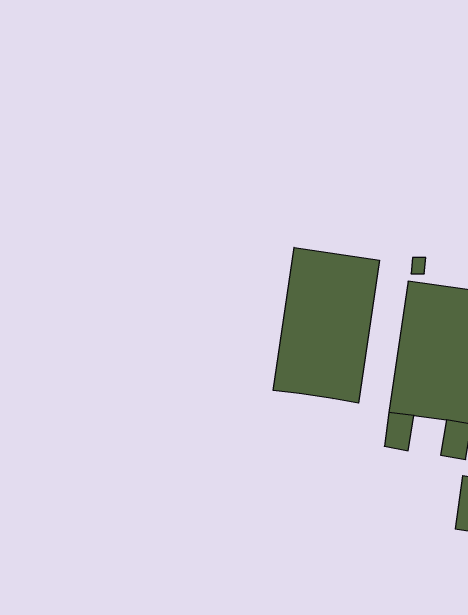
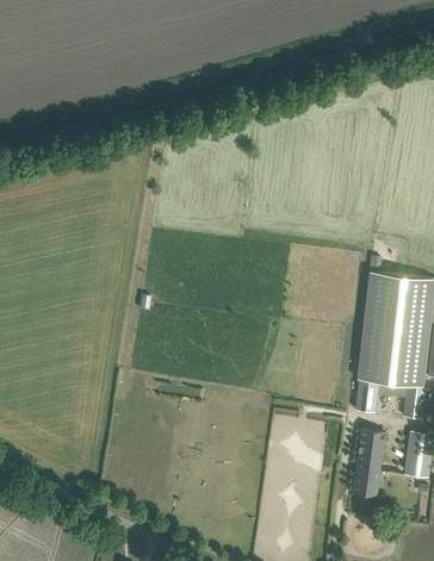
building: [273,247,379,403] -> none
building: none -> [354,429,386,495]

